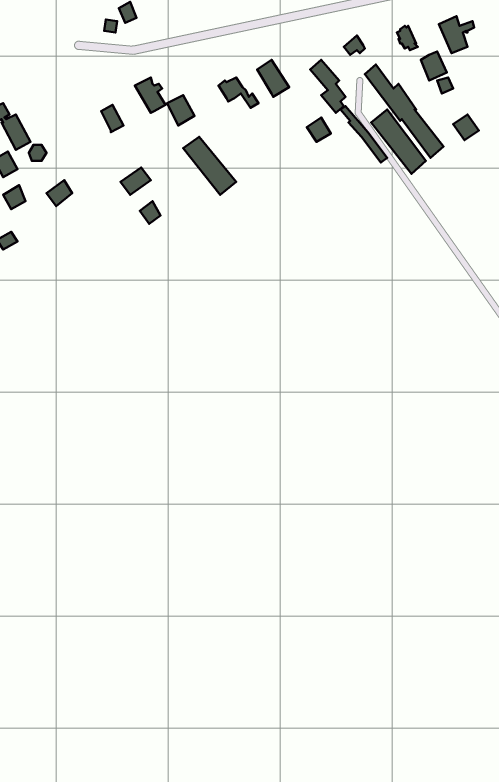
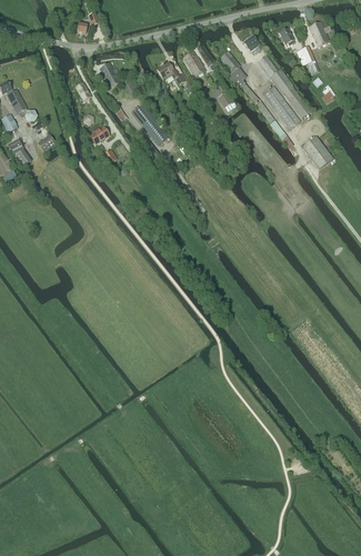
building: none -> [302,135,332,168]

